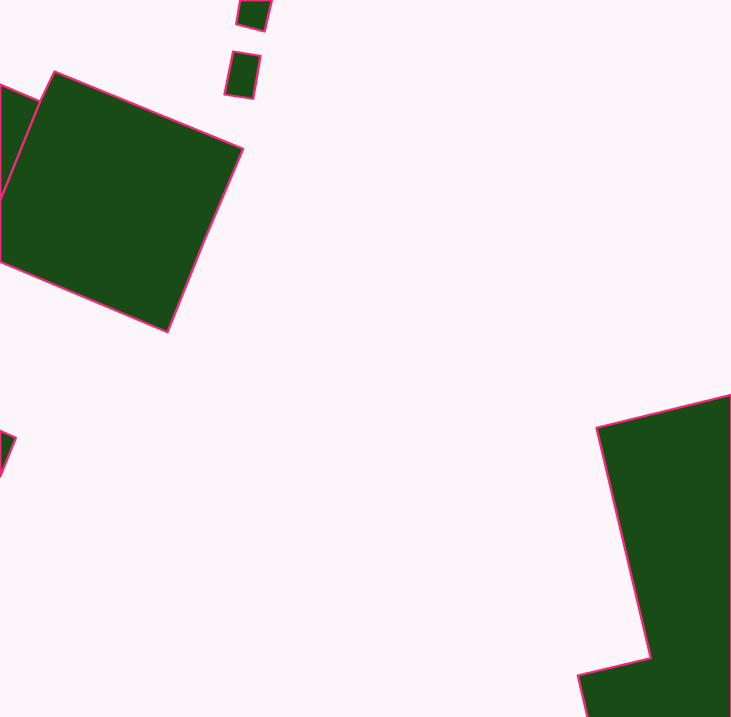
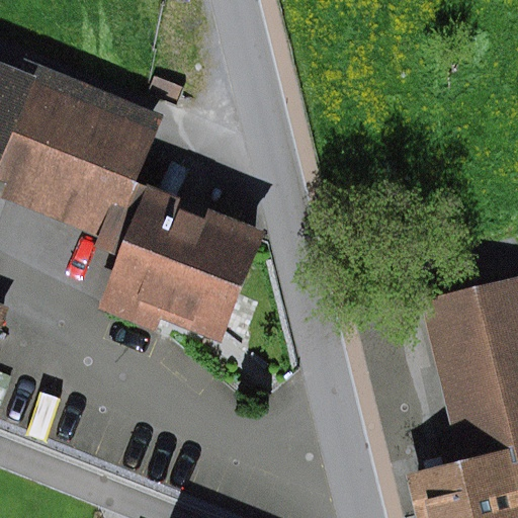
building: none -> [91,182,263,342]

